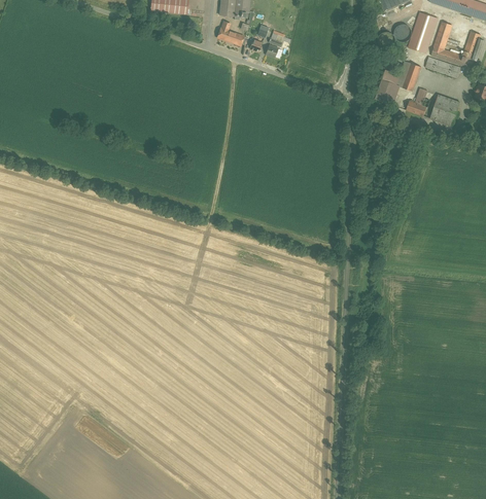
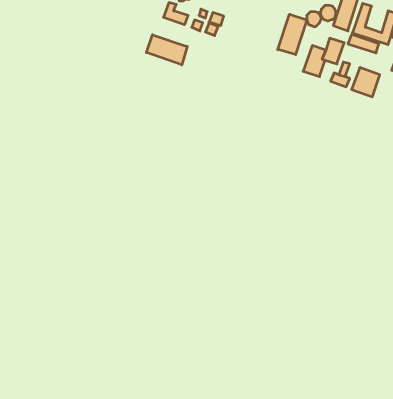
building: none -> [278,14,307,55]
building: none -> [146,35,187,65]

